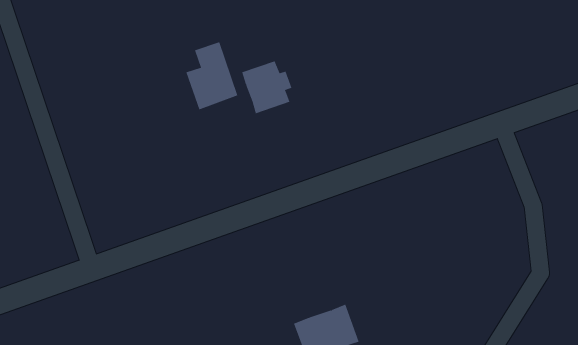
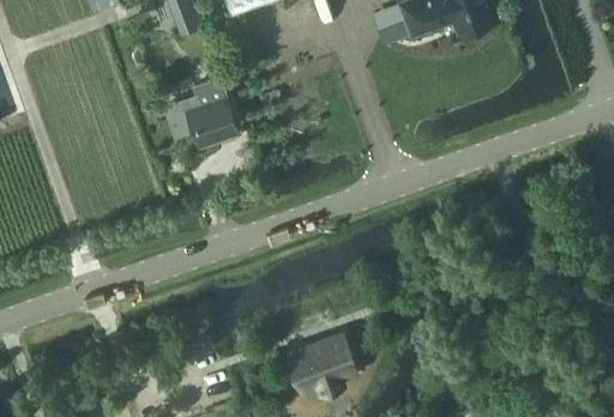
building: [241,60,292,114] -> none

